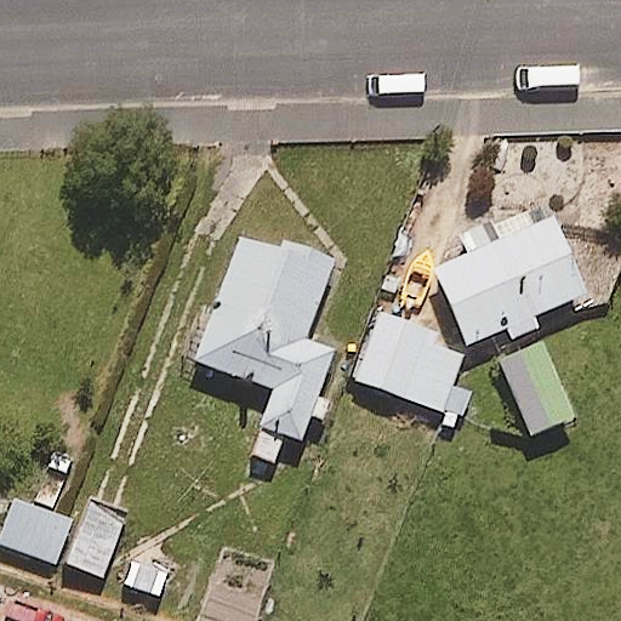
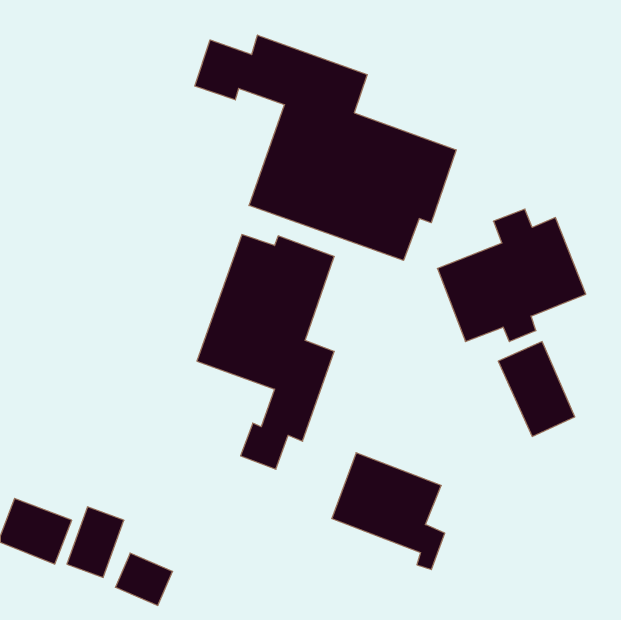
building: none -> [195,35,456,260]
building: [357,313,469,429] -> [332,453,445,570]

